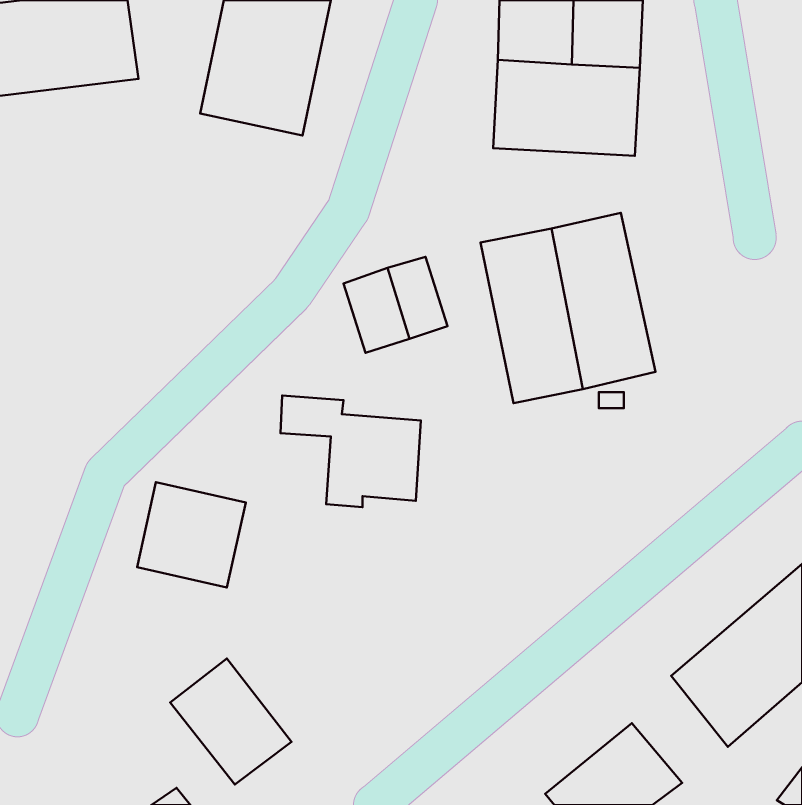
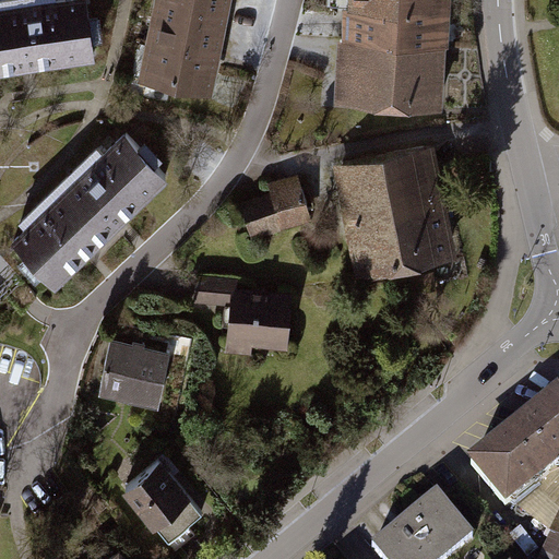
building: none -> [12,130,169,283]

